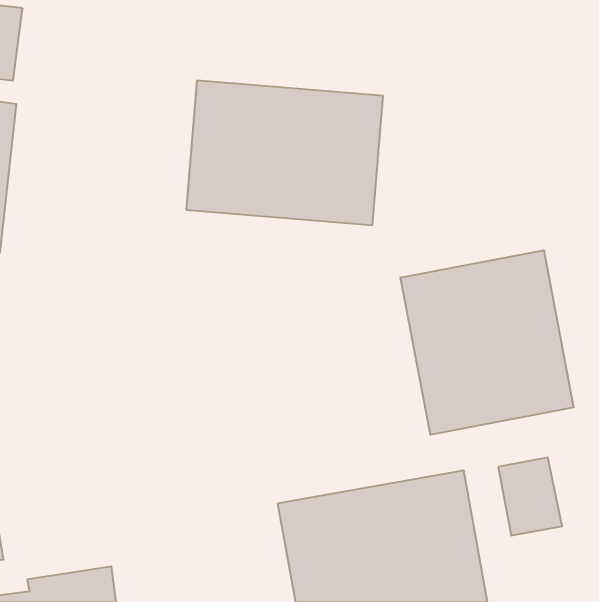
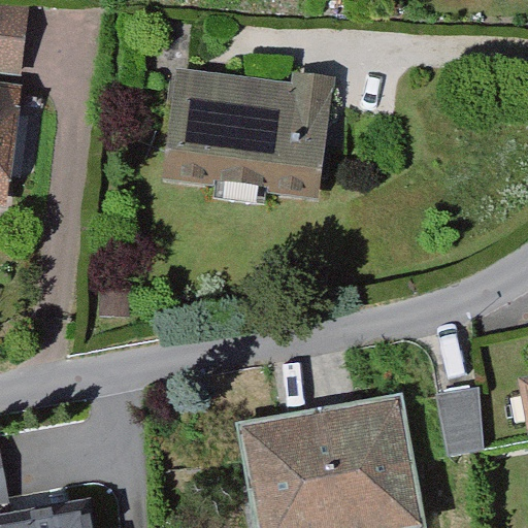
building: [401,250,574,435] -> none

